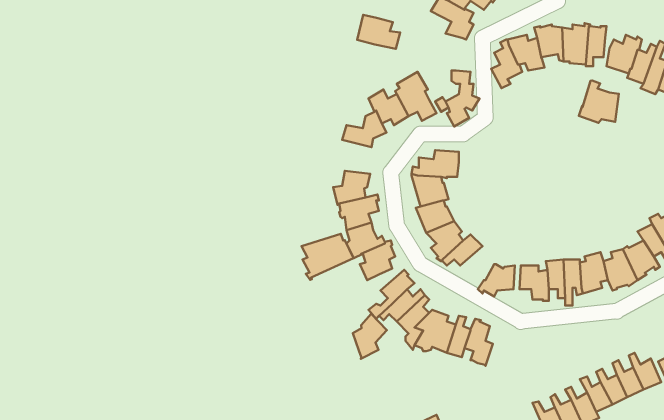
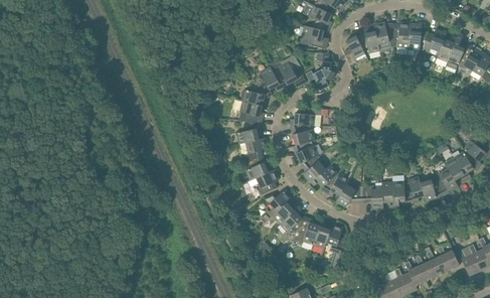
building: [357,15,400,49] -> [300,26,329,49]
building: [579,81,619,123] -> none
building: none -> [240,101,265,124]
building: [302,234,354,280] -> none
building: none -> [321,173,350,196]
building: [353,314,387,359] -> none

